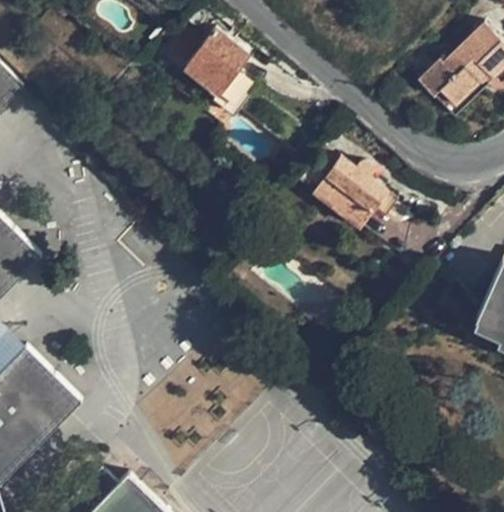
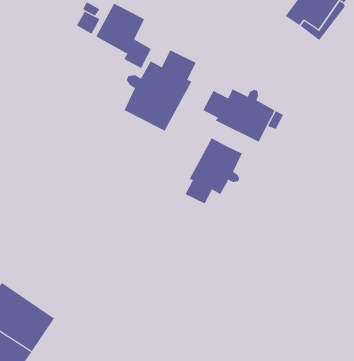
building: none -> [124,50,197,132]
building: none -> [185,137,242,204]

